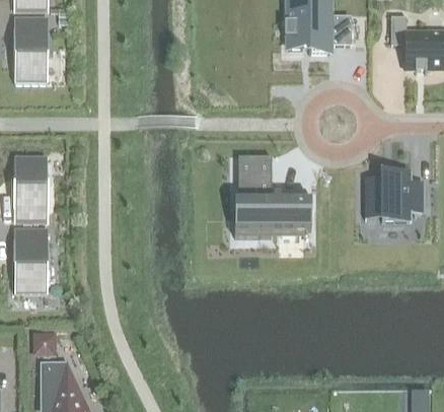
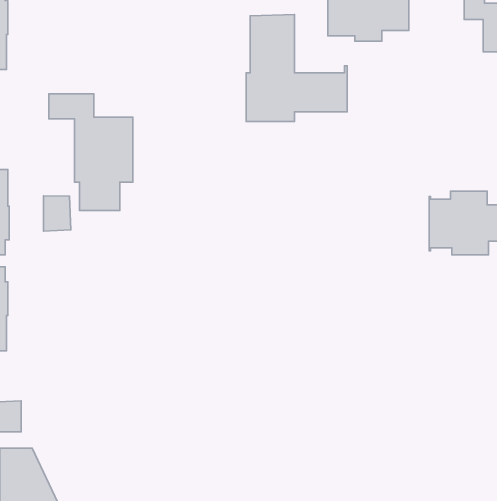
building: none -> [49,94,133,211]
building: [235,154,311,234] -> [246,15,347,121]
building: none -> [44,196,71,231]

